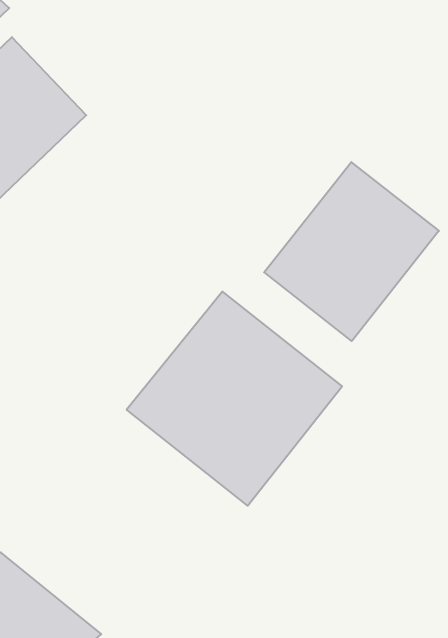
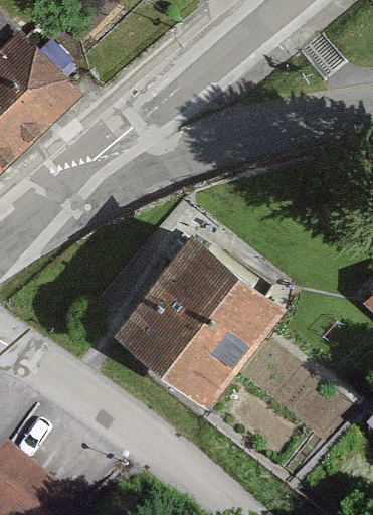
building: [264,162,439,341] -> none

